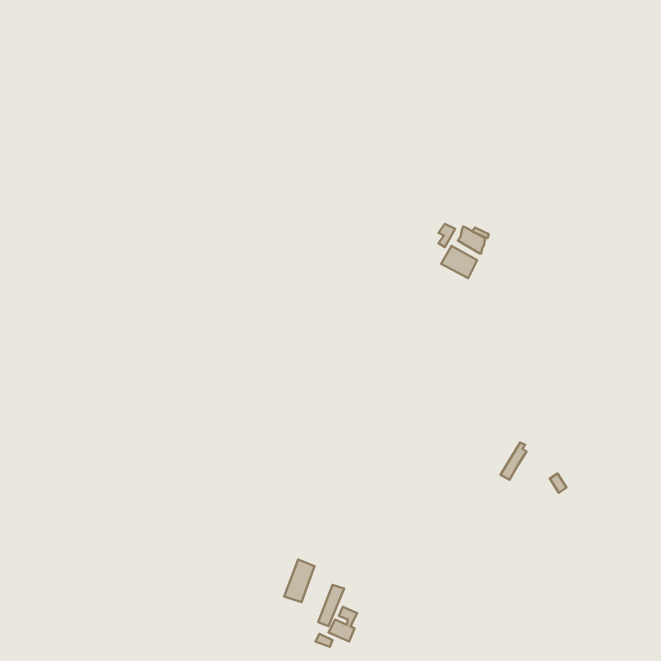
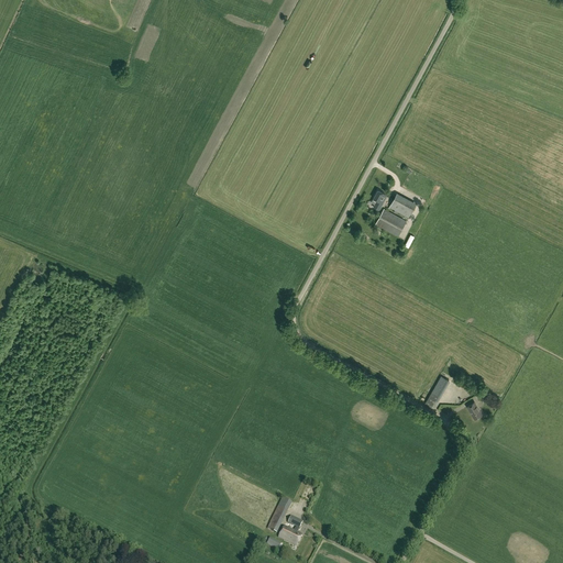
building: [284,559,314,602] -> none

